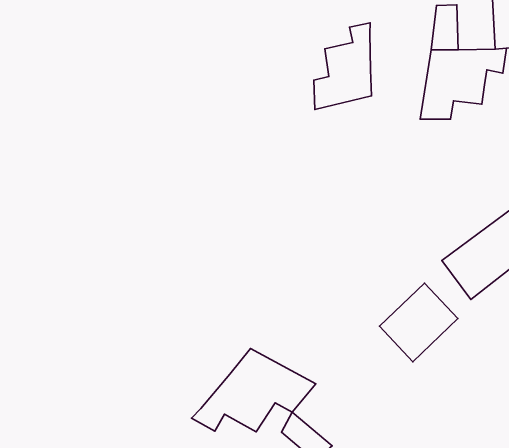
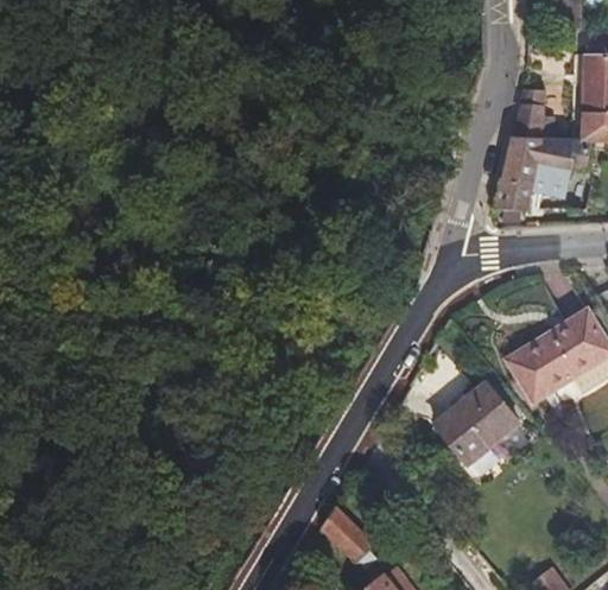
building: [314,23,372,110] -> none
building: [192,349,316,432] -> none

